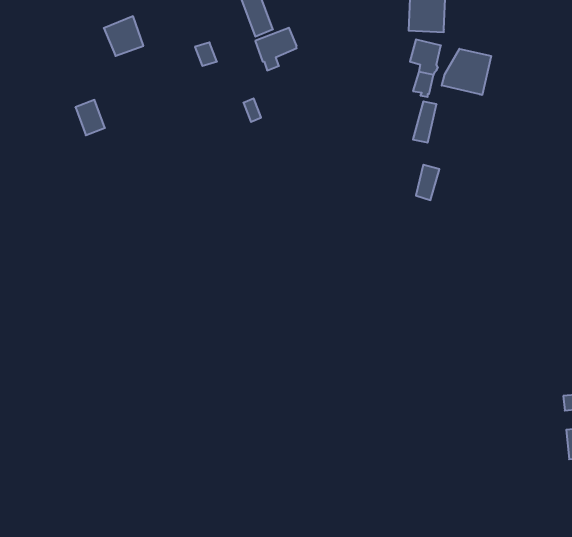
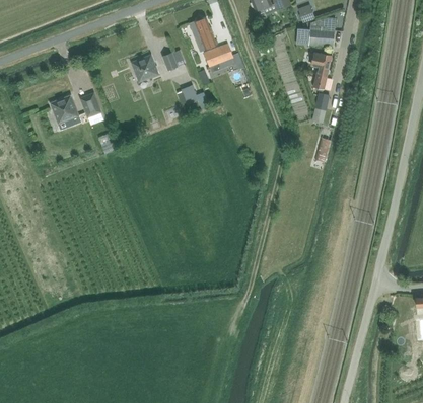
building: [104,16,143,56] -> [130,55,157,82]
building: [442,49,491,95] -> none
building: none -> [50,96,77,124]

